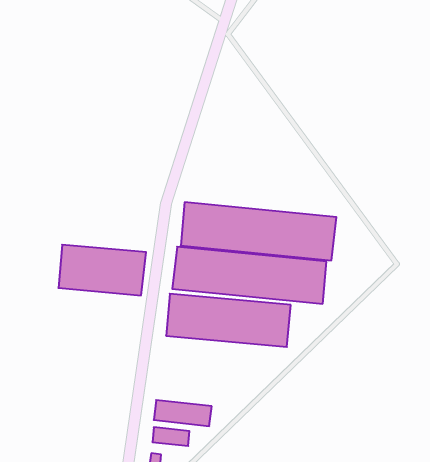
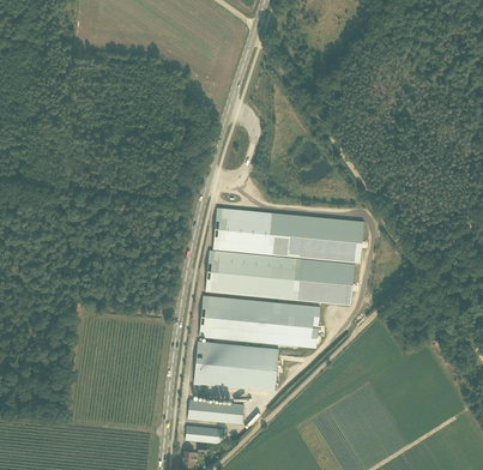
building: [58,245,146,295] -> [194,341,279,390]

